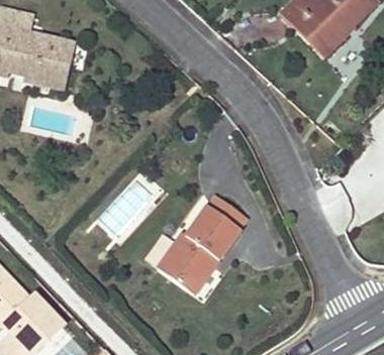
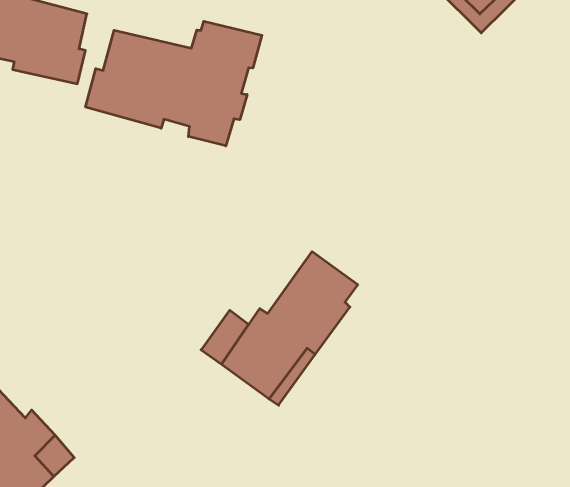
building: none -> [86,21,262,146]

